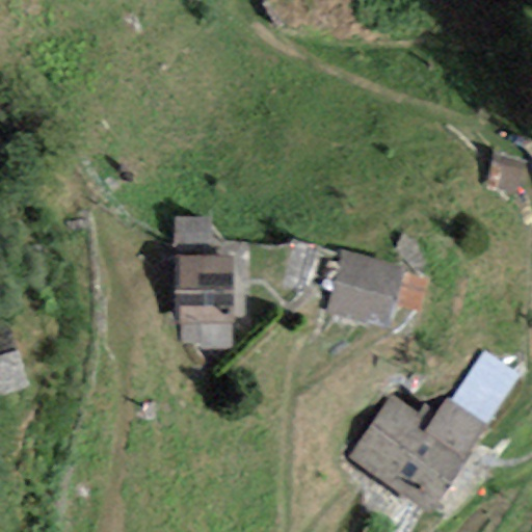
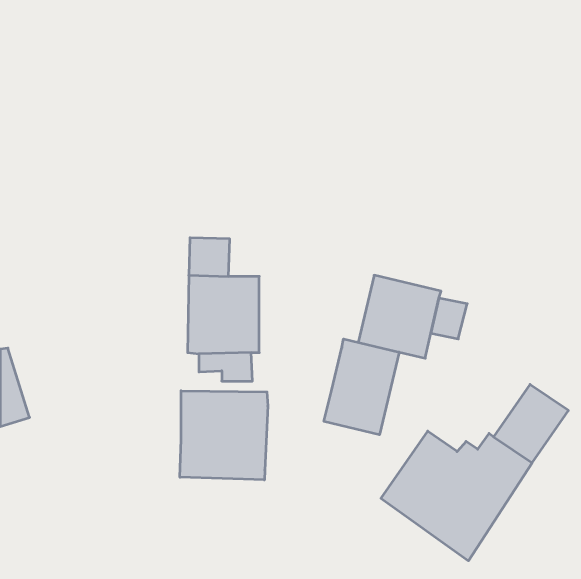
building: none -> [324,339,399,435]
building: none -> [180,391,268,480]

